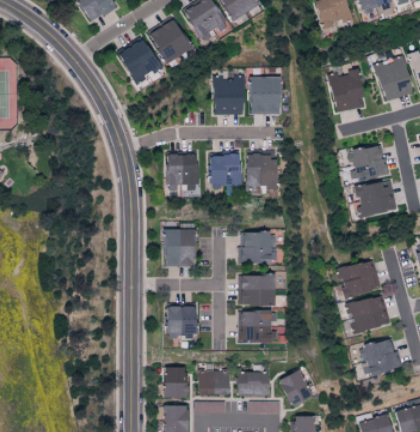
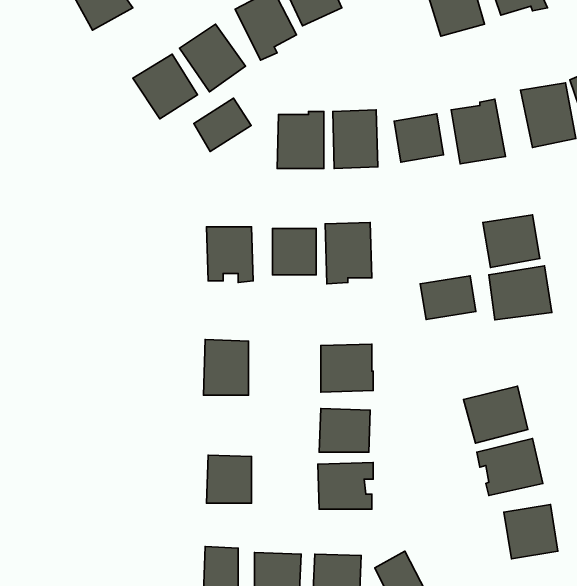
building: none -> [194,98,251,152]
building: none -> [394,114,443,162]
building: none -> [420,276,476,320]

